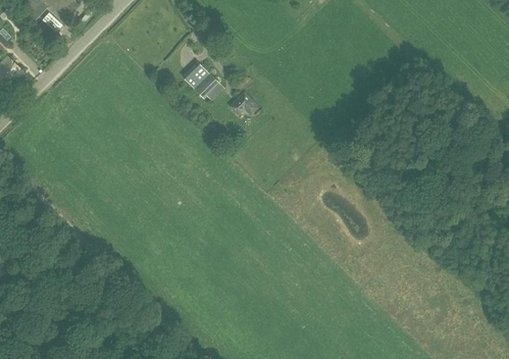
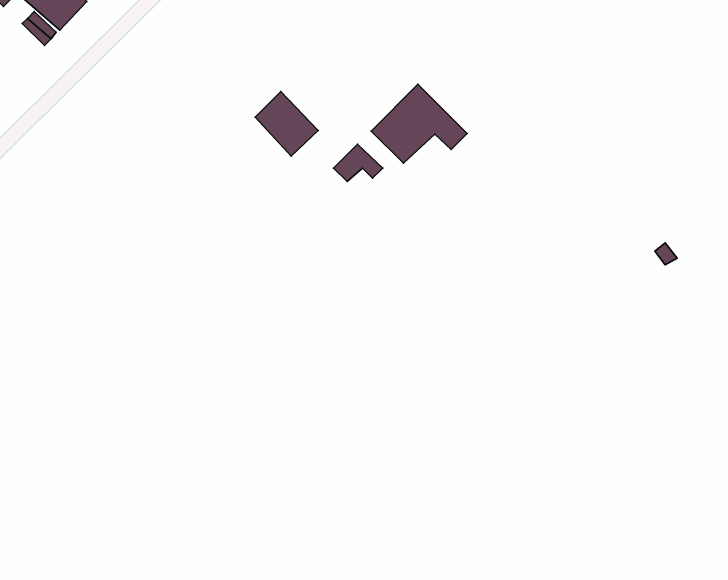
building: none -> [371,84,467,163]

